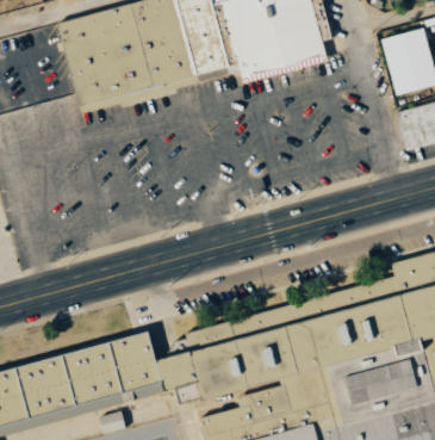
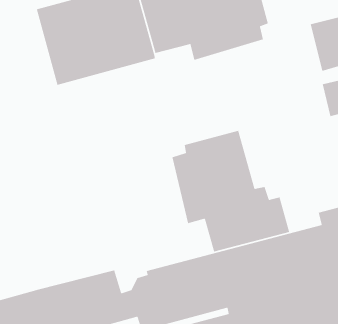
building: none -> [172,130,290,253]

